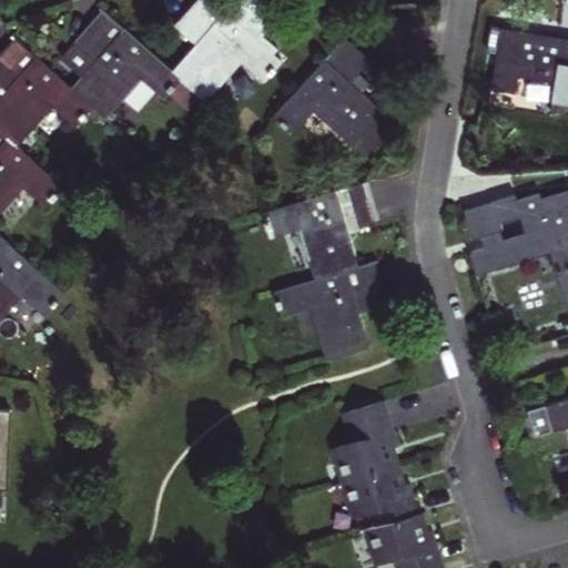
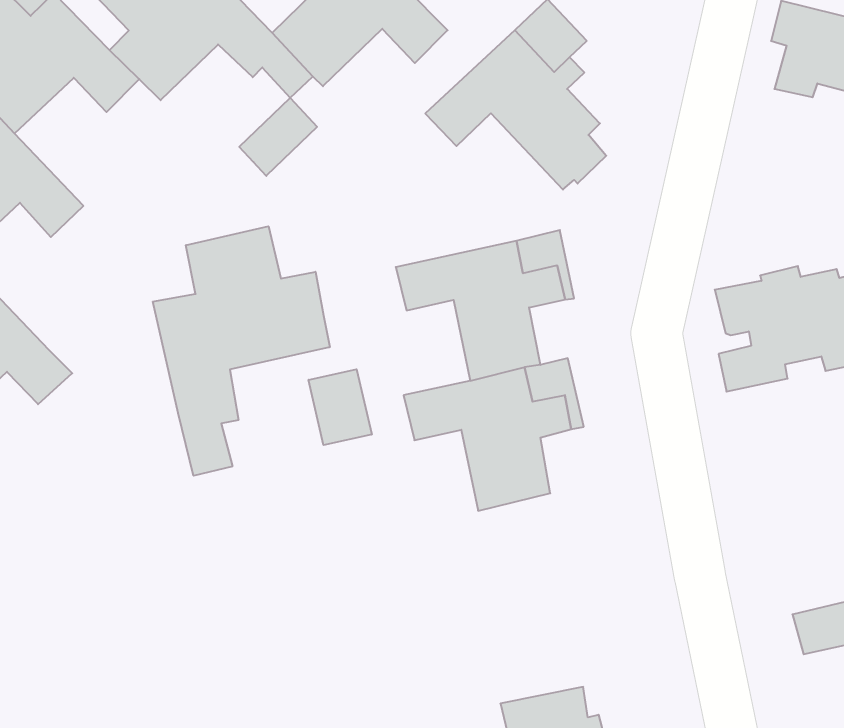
building: none -> [239,98,317,176]
building: none -> [153,226,330,476]
building: none -> [309,369,372,445]
building: [337,399,398,481] -> none

